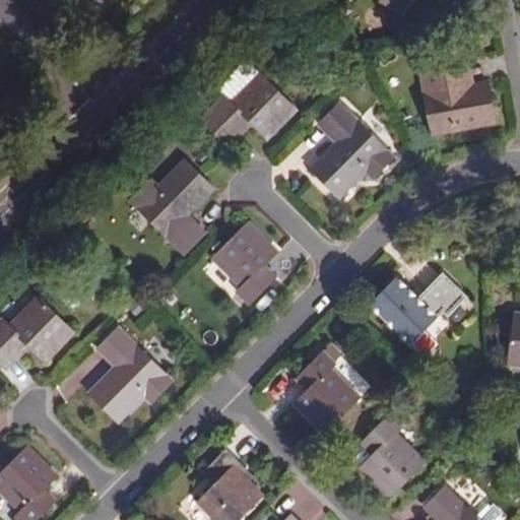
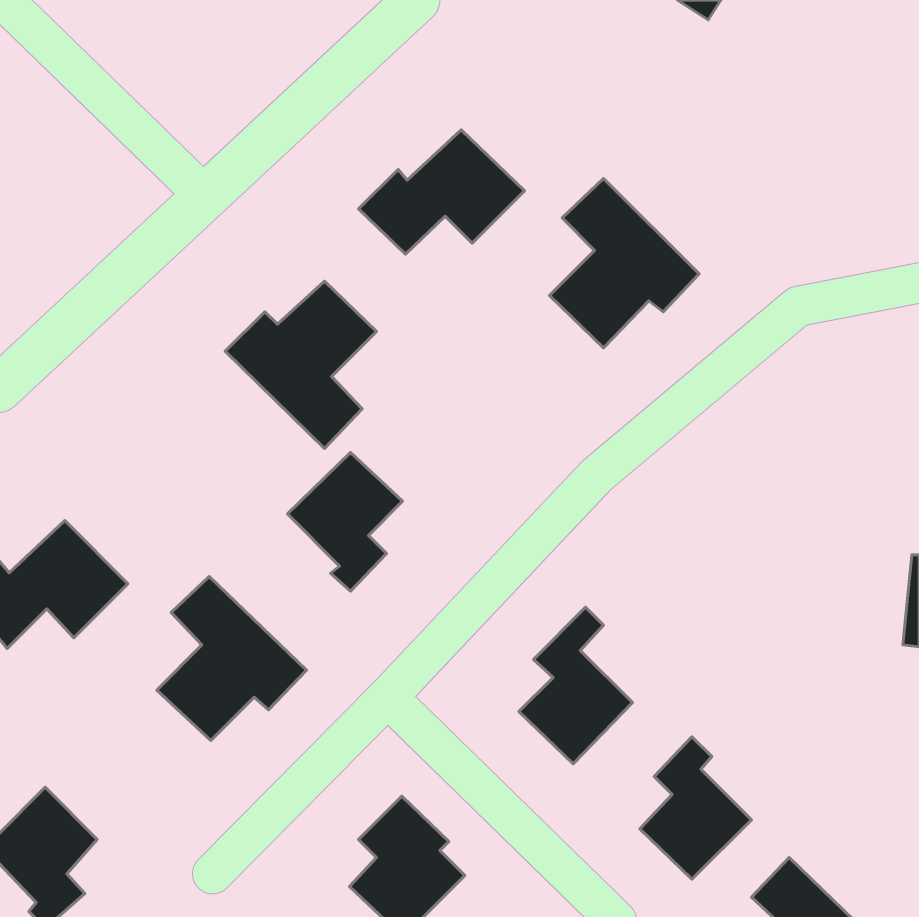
building: [420,58,496,134] -> none
building: [214,224,279,303] -> [287,453,403,591]
building: [370,274,466,343] -> none

